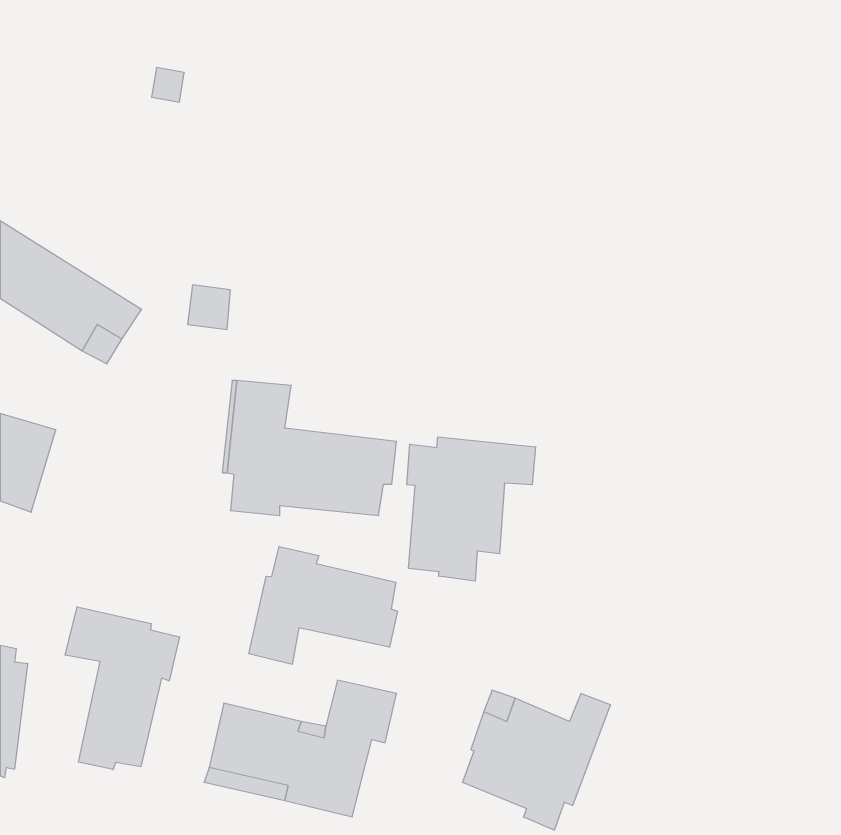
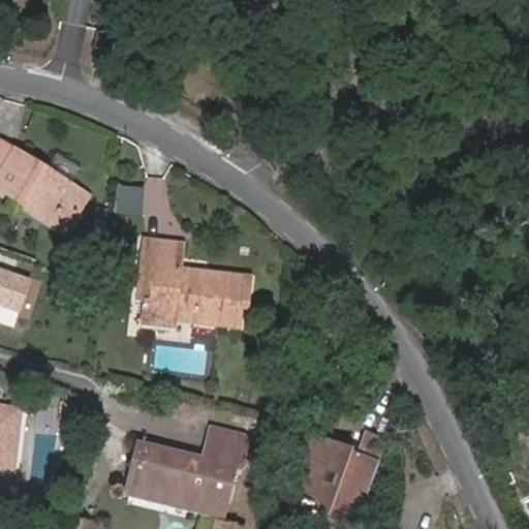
building: [407,437,536,581] -> none
building: [249,546,397,664] -> none
building: [65,607,180,770] -> none

